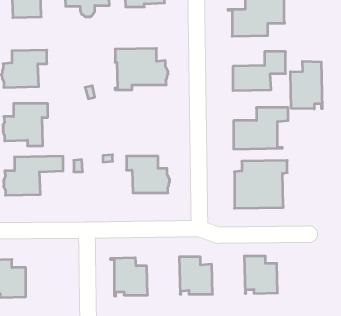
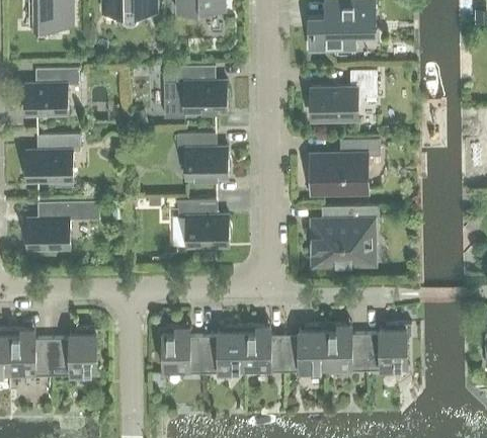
building: [290,61,322,109] -> none
building: none -> [177,135,231,179]
building: none -> [366,325,411,371]
building: none -> [285,326,326,373]
building: none -> [204,327,245,374]
building: none -> [53,329,101,376]

